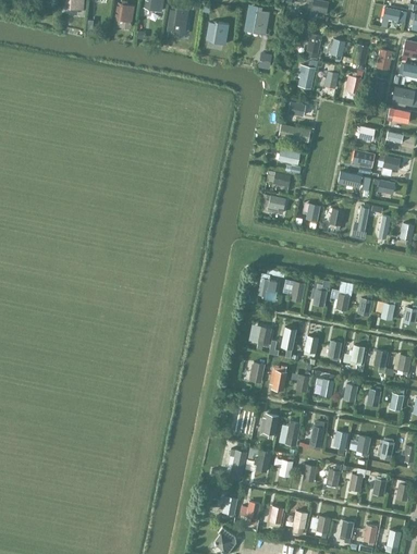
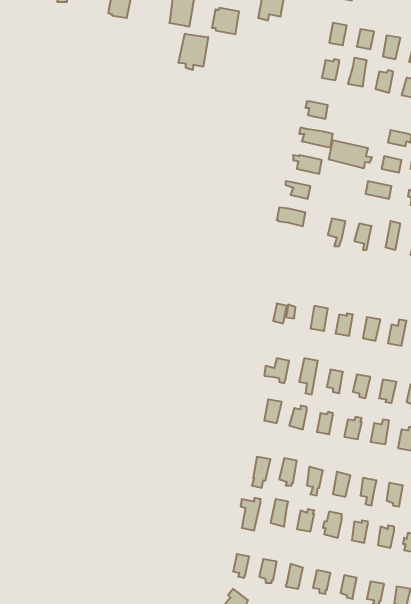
building: none -> [179,34,208,70]
building: none -> [329,140,372,168]

